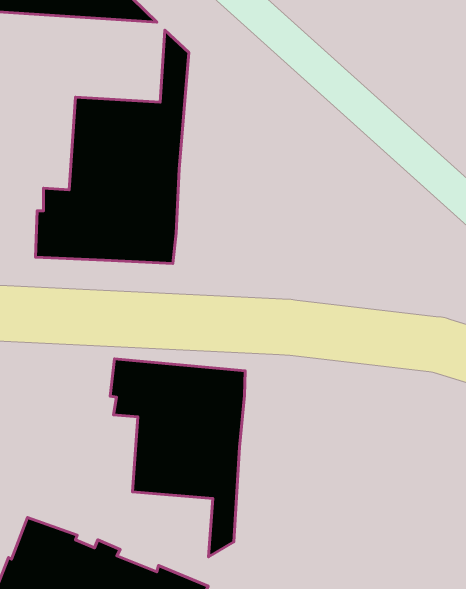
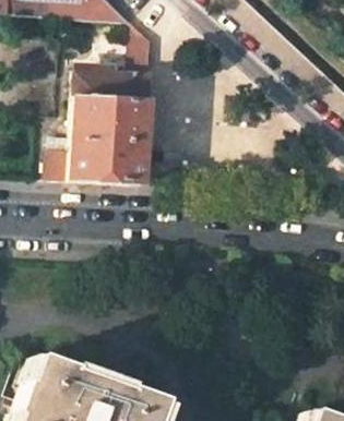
building: [110,359,245,557] -> none

